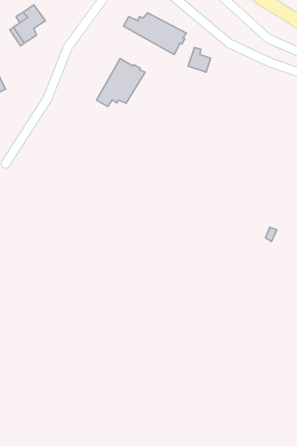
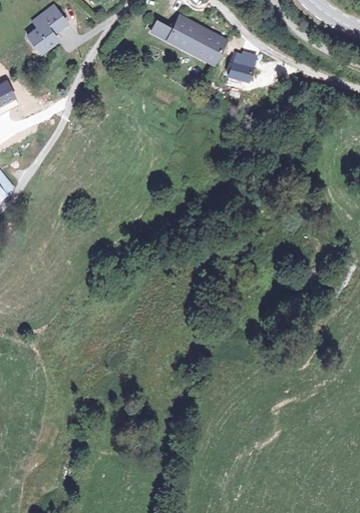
building: [97,58,145,107] -> none

